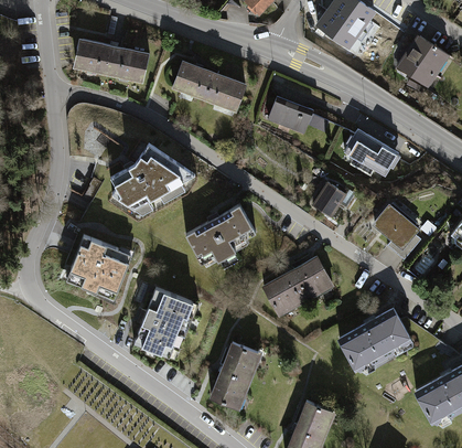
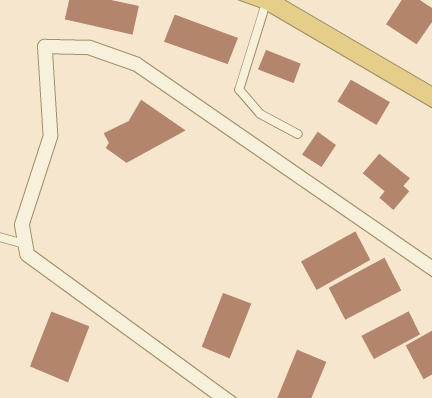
building: [182,200,258,264] -> none
building: [66,233,133,298] -> none
building: [261,252,333,312] -> [300,230,371,291]
building: [137,289,198,362] -> [29,311,91,383]
building: none -> [360,310,421,360]

